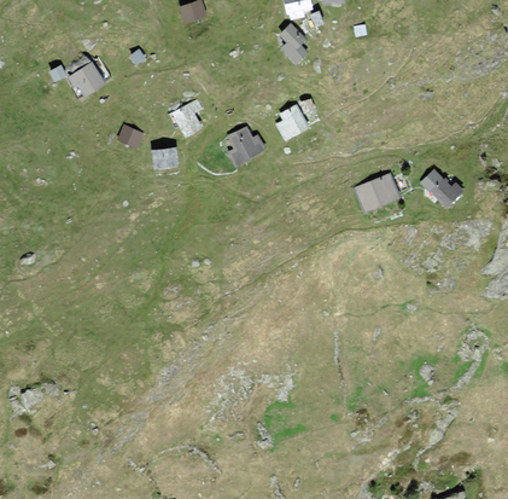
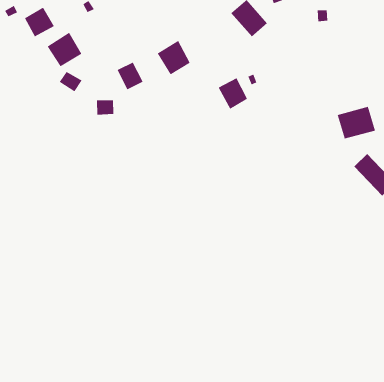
building: none -> [47,32,82,67]
building: [222,127,258,164] -> [157,40,191,75]
building: [361,173,403,210] -> [337,106,376,139]

